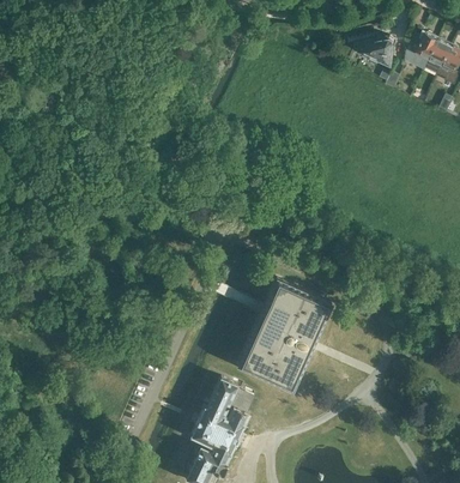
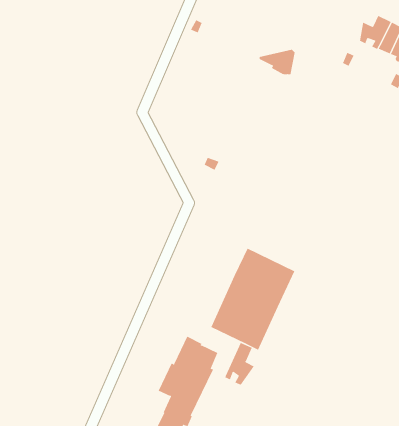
building: [352,37,392,65] -> [259,49,296,75]
building: none -> [224,342,255,385]

